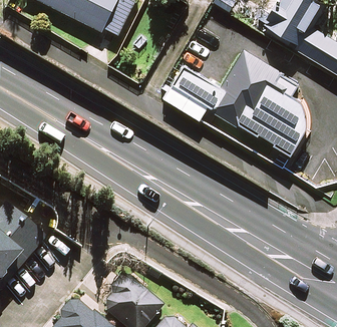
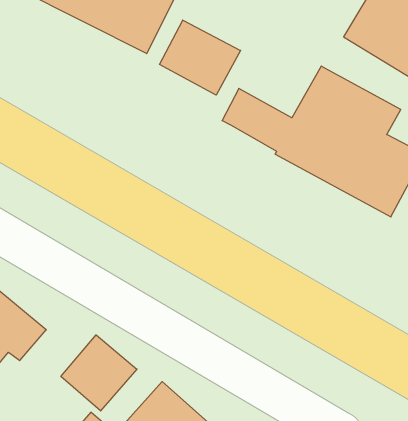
building: none -> [160,20,241,95]
building: none -> [61,335,137,411]

